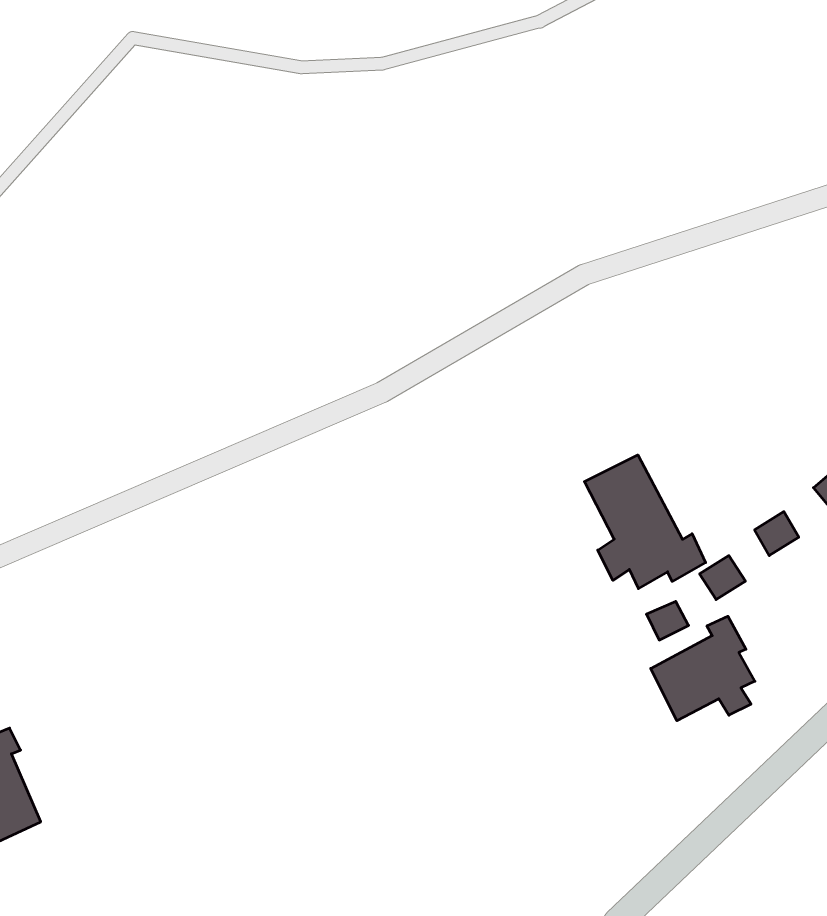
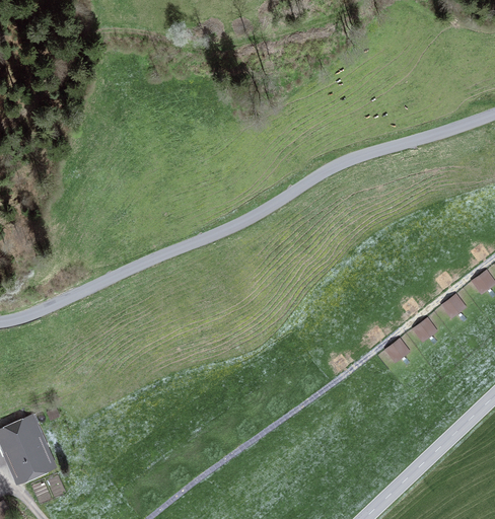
building: [584,455,706,589] -> none
building: [651,616,755,721] -> none

